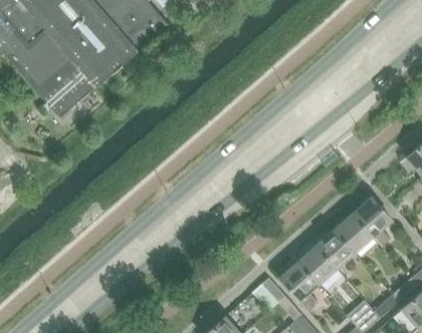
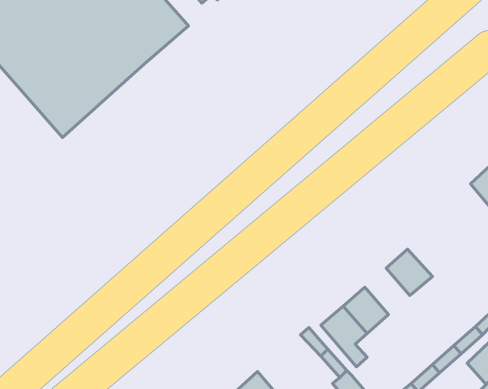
building: [353,197,392,247] -> none
building: [316,229,355,268] -> none

